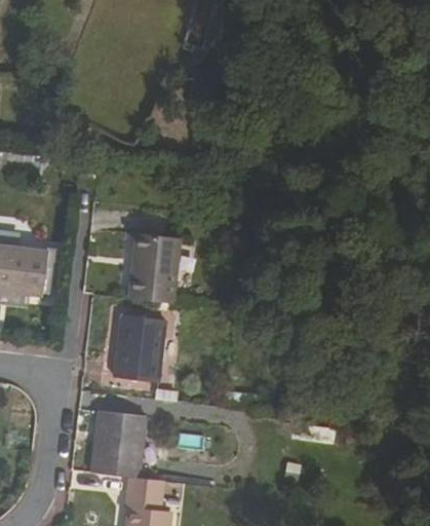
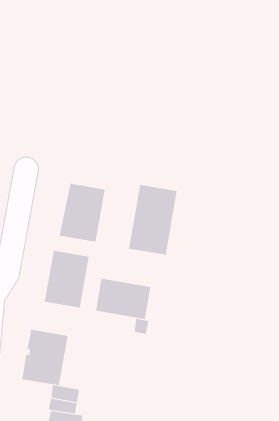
building: none -> [128,184,177,256]
building: none -> [95,278,151,320]

